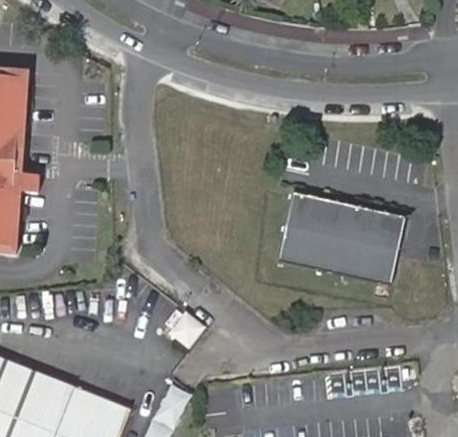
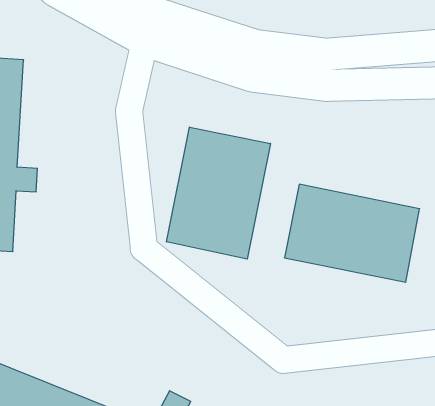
building: none -> [167,127,270,259]

